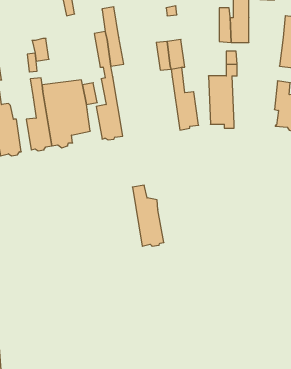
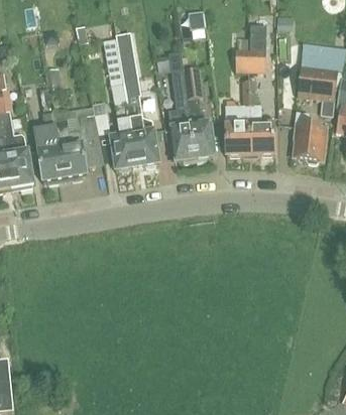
building: none -> [249,105,274,155]
building: none -> [166,107,196,162]
building: [132,185,164,246] -> [127,105,159,167]

